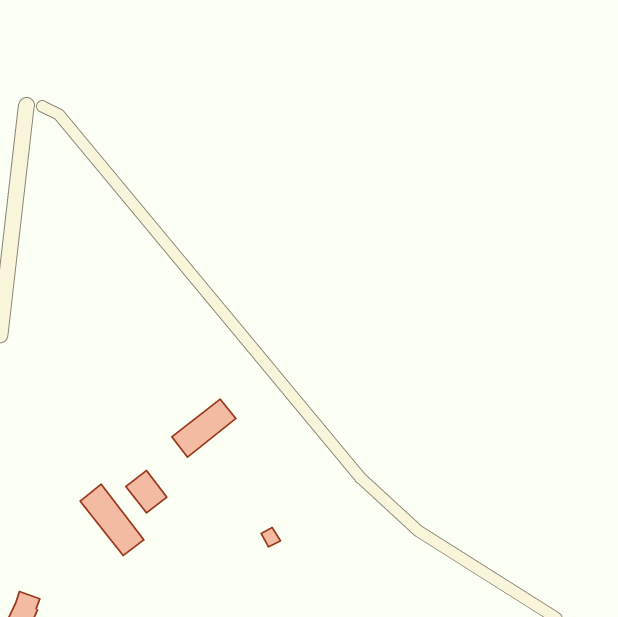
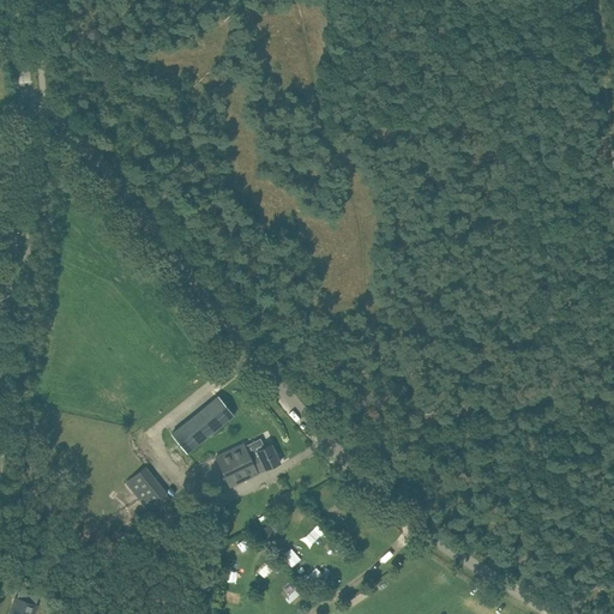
building: none -> [216,445,281,487]
building: [80,484,144,555] -> none

